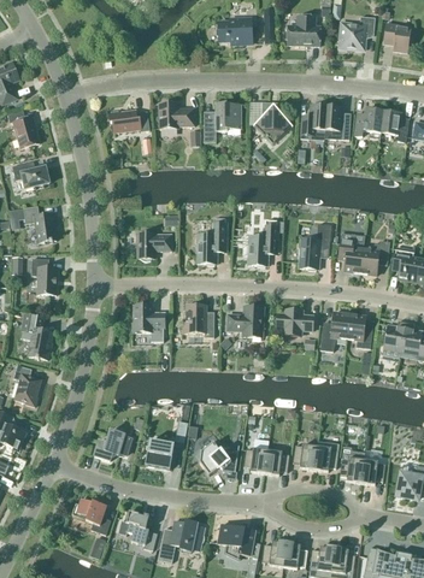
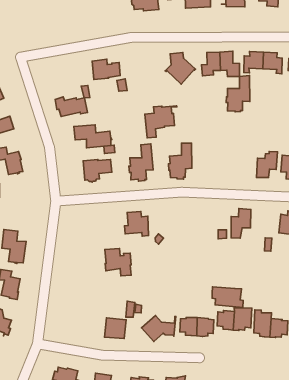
building: [204,102,246,142] -> [145,106,177,138]
building: [108,107,149,132] -> [55,97,88,116]
building: none -> [74,125,112,148]
building: [298,224,331,270] -> [226,76,250,112]
building: [338,238,364,273] -> none
building: [31,258,57,294] -> none
building: [131,305,165,341] -> [105,248,131,276]
building: [226,306,264,337] -> none
building: [276,309,313,335] -> none
building: [347,314,373,348] -> none
building: none -> [212,287,243,308]
building: [94,430,131,460] -> none

